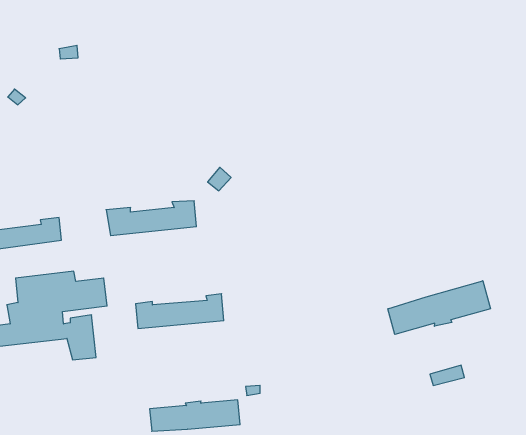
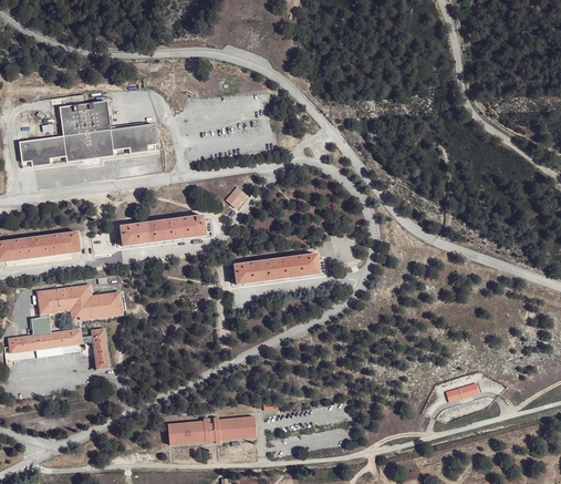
building: none -> [23,104,168,167]
building: [388,281,491,334] -> none
building: [136,294,224,328] -> [232,248,320,282]

